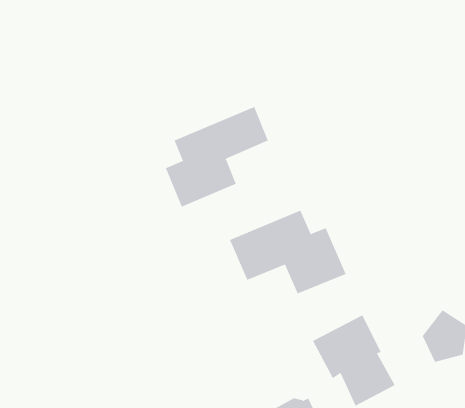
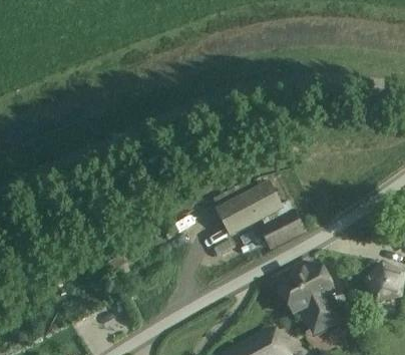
building: [165,106,268,208] -> none

